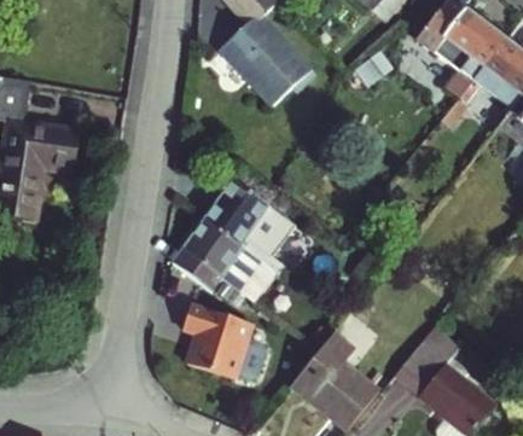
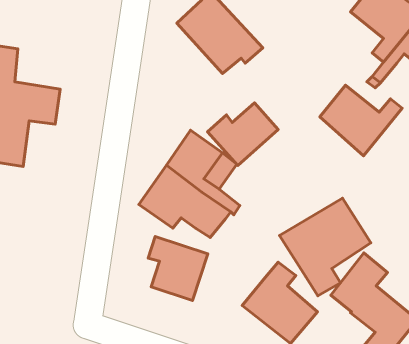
building: none -> [320,85,402,156]
building: none -> [208,103,278,165]
building: none -> [280,198,371,296]

